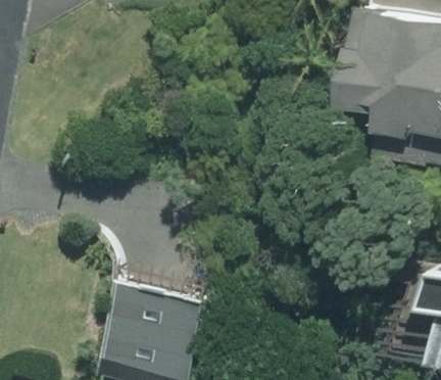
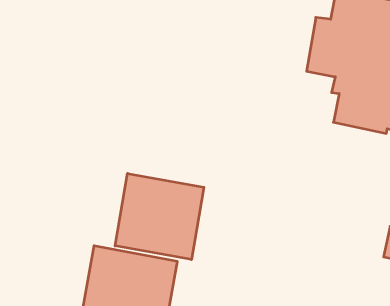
building: none -> [115,173,204,260]

